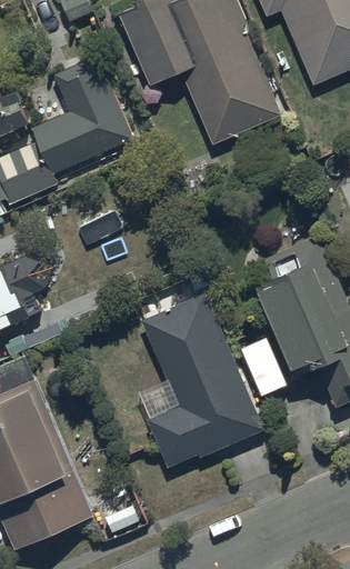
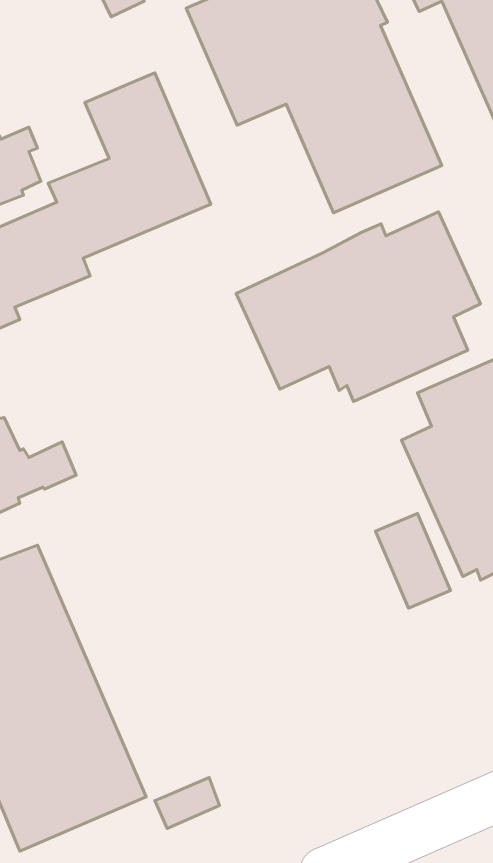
building: none -> [236,212,481,401]
building: [138,291,264,469] -> none

